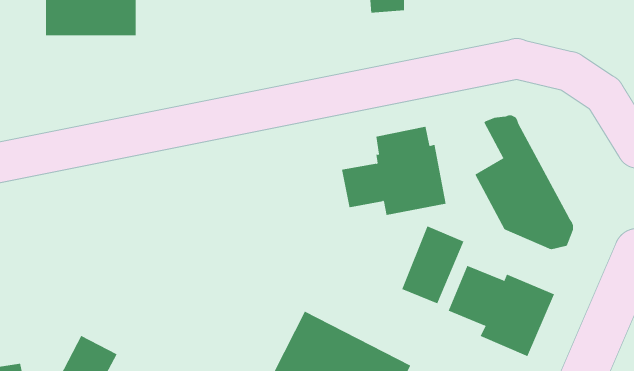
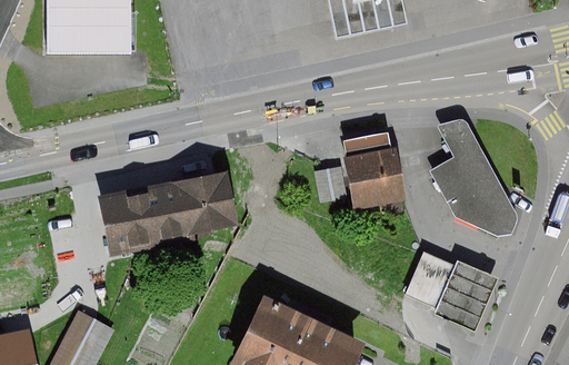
building: none -> [110,170,247,249]
building: [402,225,464,304] -> none

